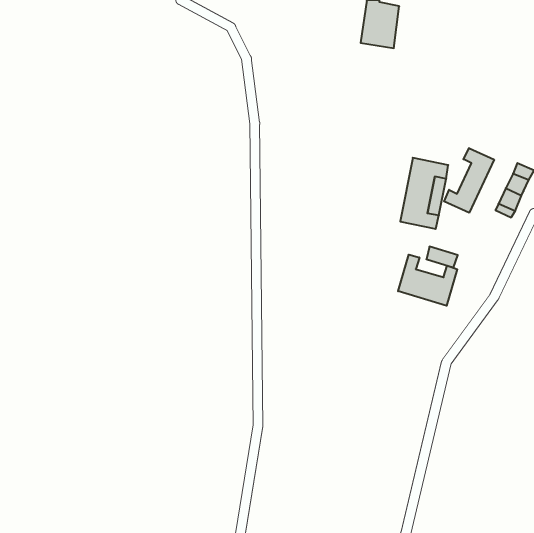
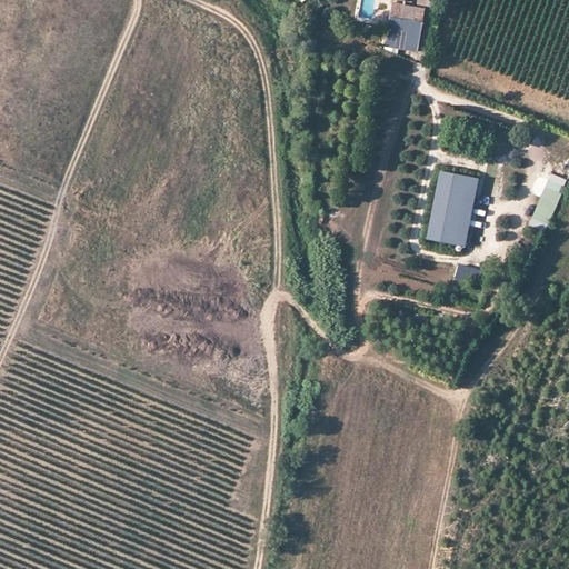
building: [444,148,494,213] -> none
building: [398,255,457,306] -> none

